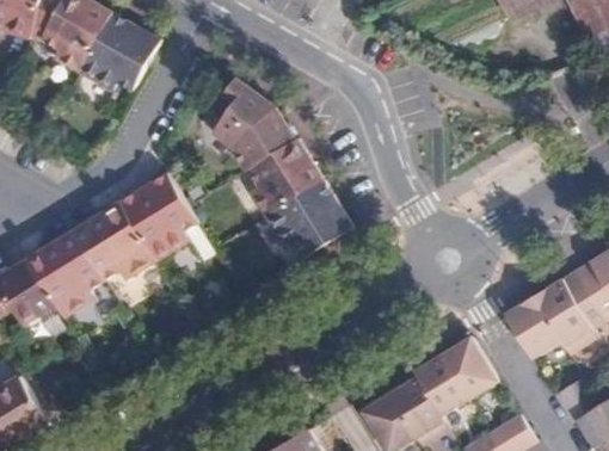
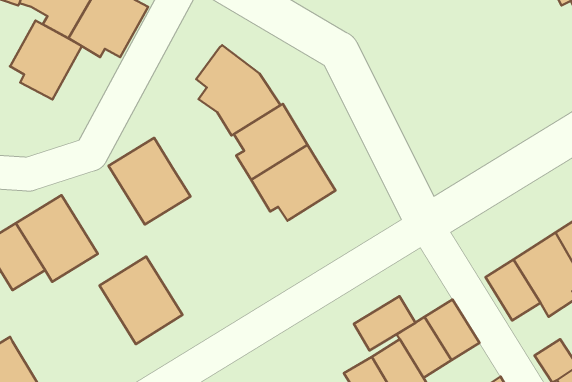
building: none -> [10,21,82,99]
building: [72,200,156,290] -> [99,256,183,344]
building: none -> [354,296,415,350]

